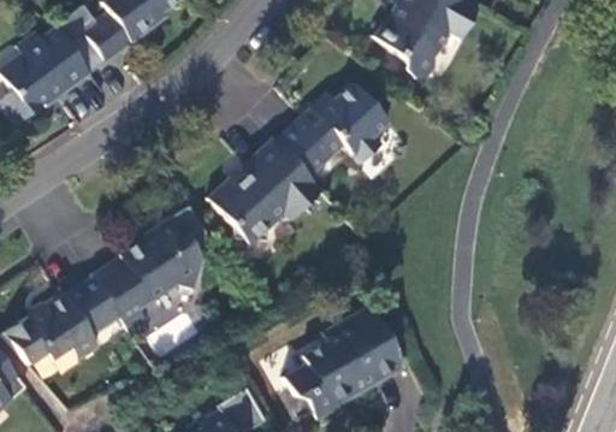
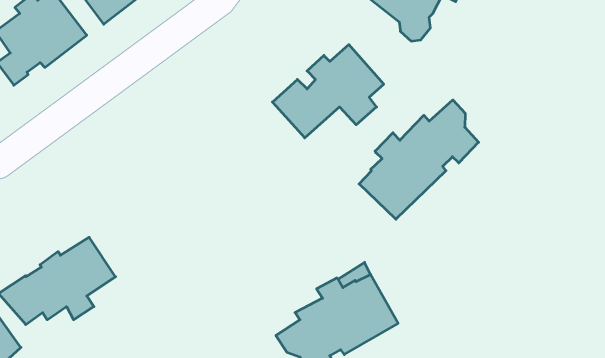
building: [207,136,321,237] -> none
building: none -> [359,100,479,219]
building: [93,217,203,332] -> none

